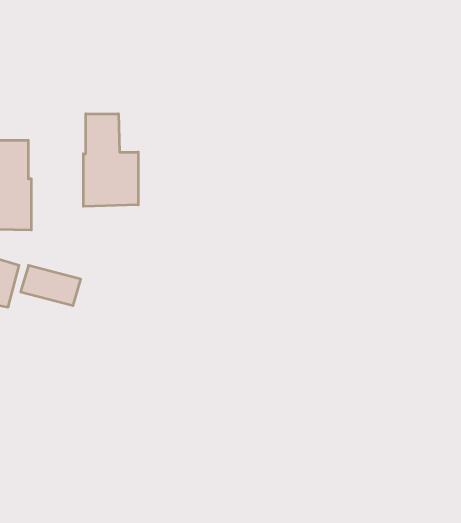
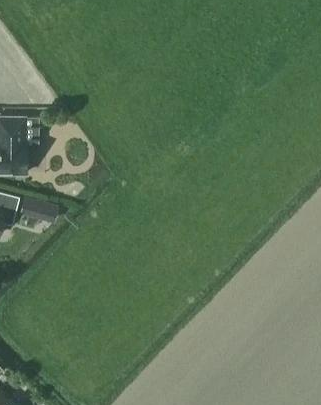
building: [83,114,138,206] -> none

